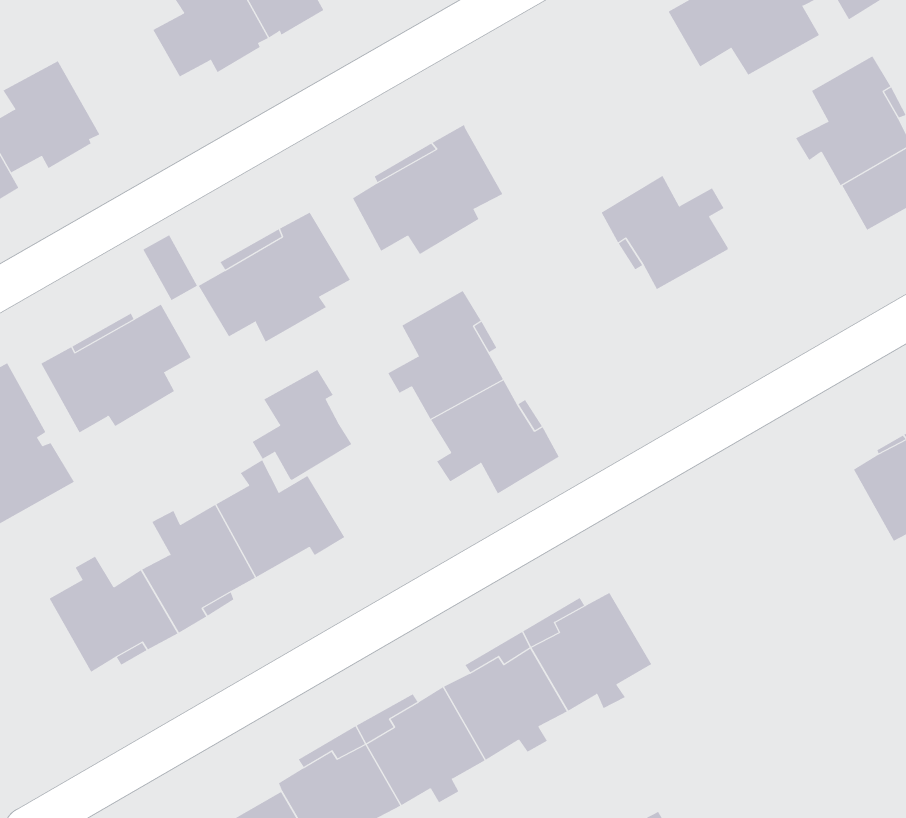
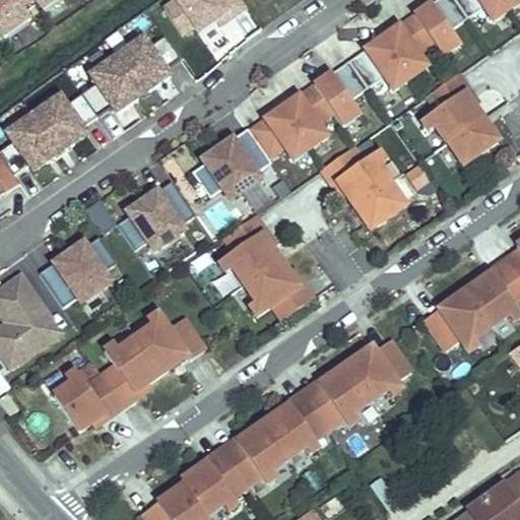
building: none -> [249,59,368,158]
building: none -> [34,92,98,149]
building: none -> [355,180,406,226]
building: [252,369,352,481] -> none
building: none -> [425,288,491,349]
building: none -> [345,338,411,399]

